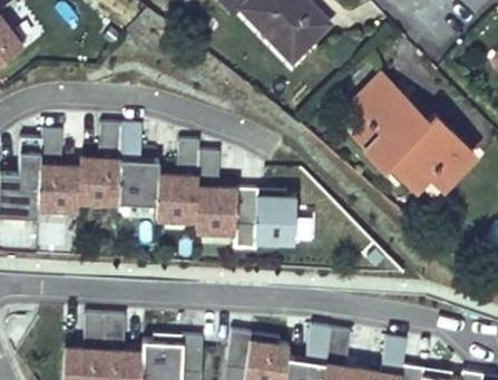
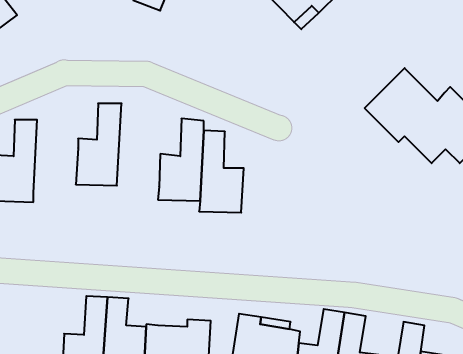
building: [353,75,428,128] -> none
building: [117,130,159,210] -> none
building: [38,137,80,216] -> none
building: [234,192,296,250] -> none

